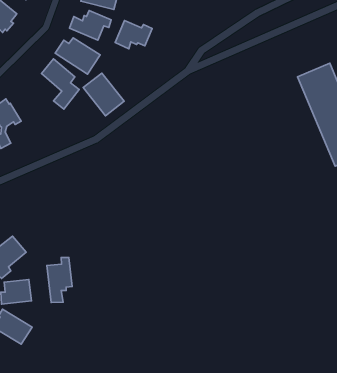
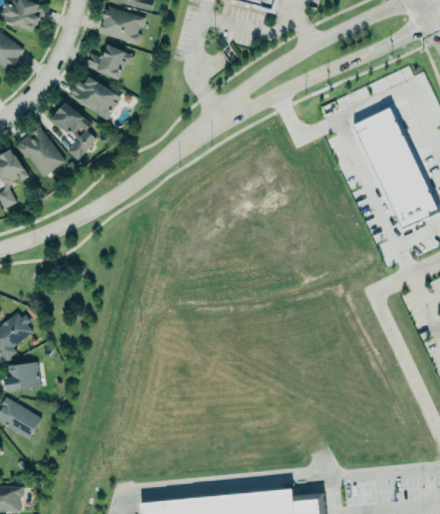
building: [115,21,152,49] -> none
building: [83,73,124,116] -> [16,126,64,177]
building: [47,257,72,303] -> none

